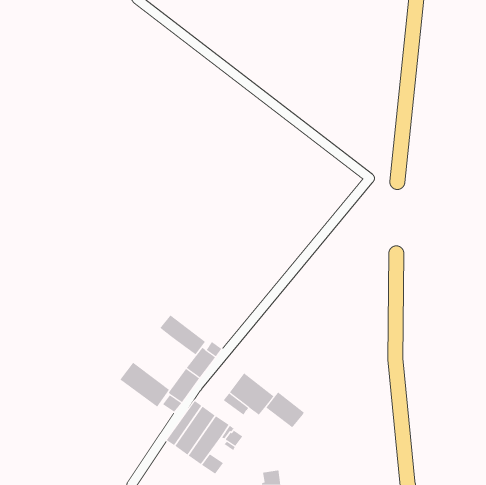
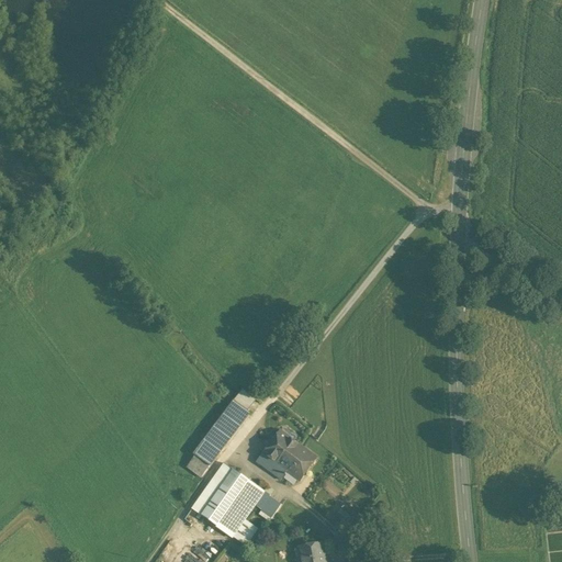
building: [160,314,206,355] -> none
building: [120,362,170,407] -> none
building: [266,392,305,428] -> none

